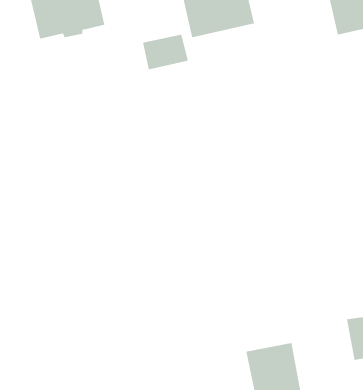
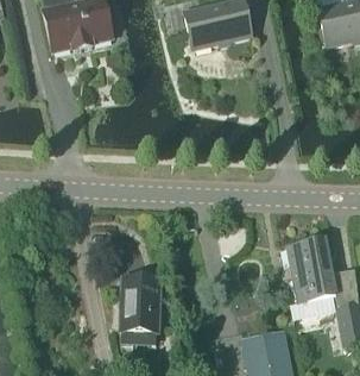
building: [143,34,189,70] -> none
building: none -> [286,240,334,303]
building: none -> [122,278,159,333]

